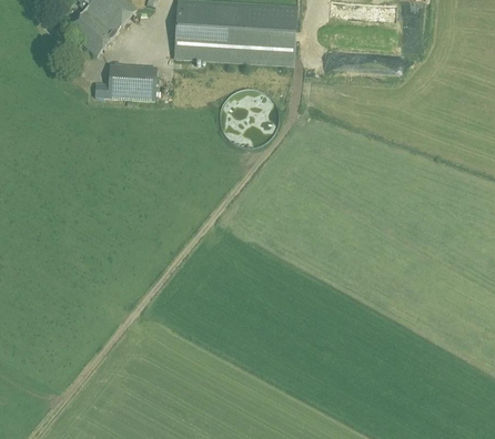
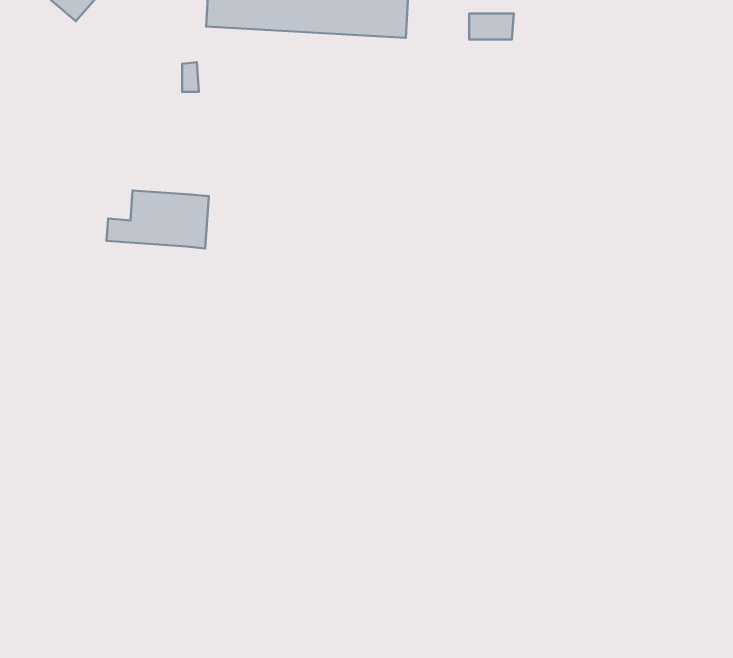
building: [94,65,155,100] -> [106,191,209,248]

